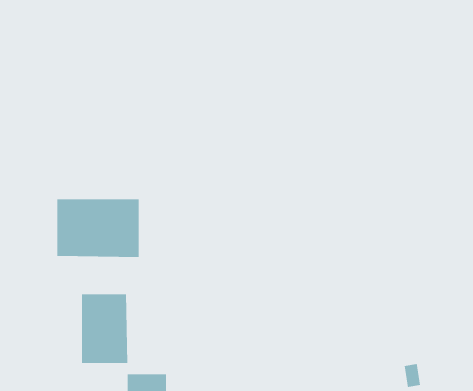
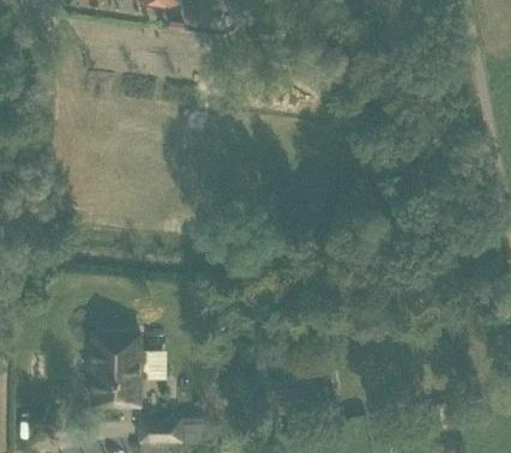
building: [57,198,139,258] -> none

